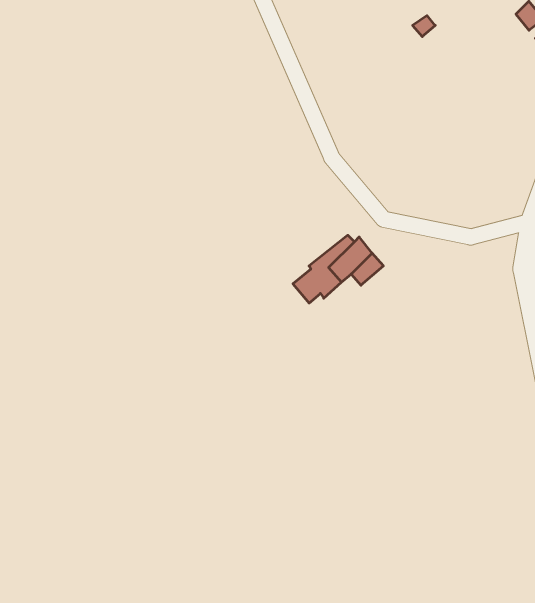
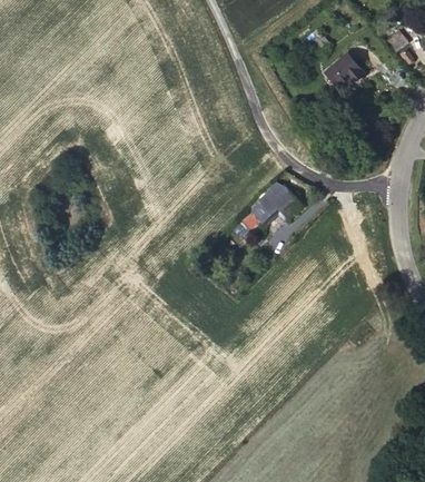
building: none -> [330,51,368,83]

